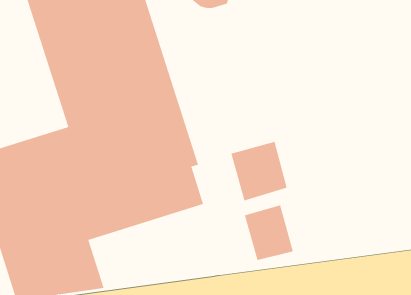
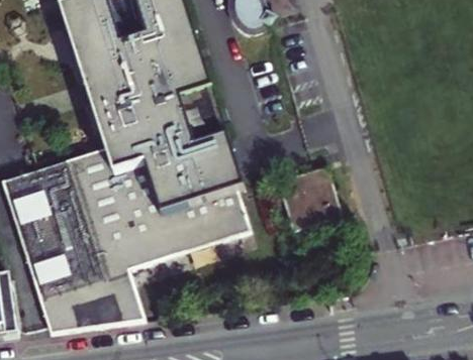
building: [244,205,294,261] -> none

